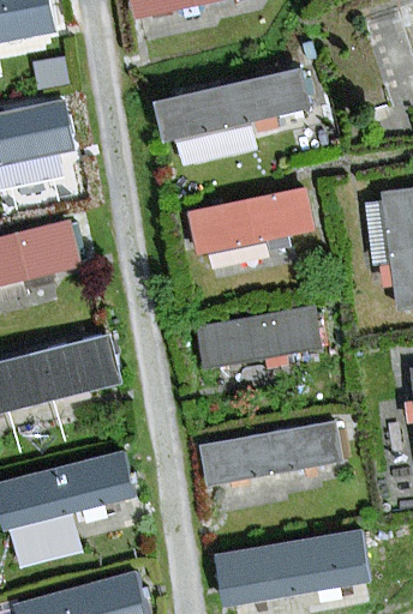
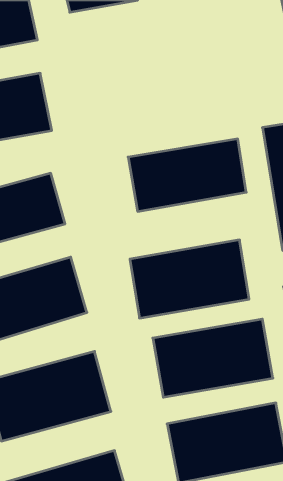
building: [174,65,323,157] -> none

